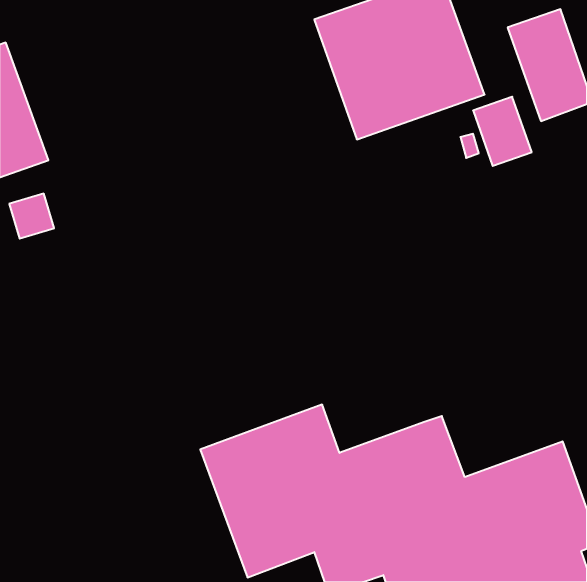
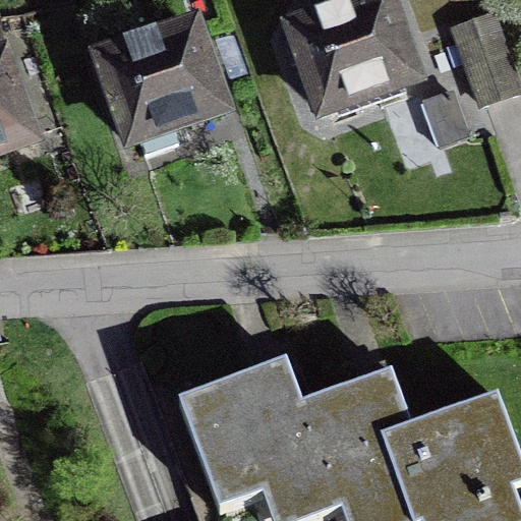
building: none -> [85,6,237,151]

